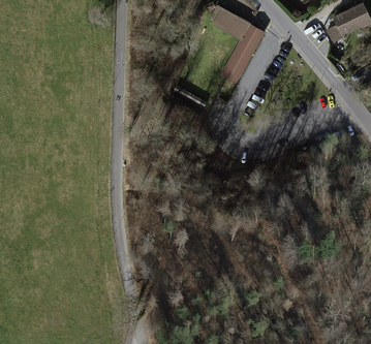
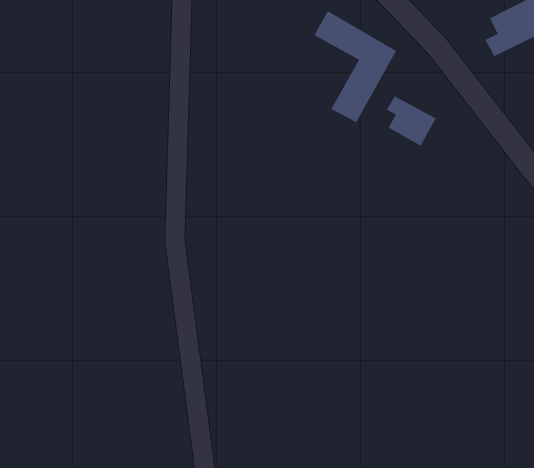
building: none -> [386,96,436,147]

